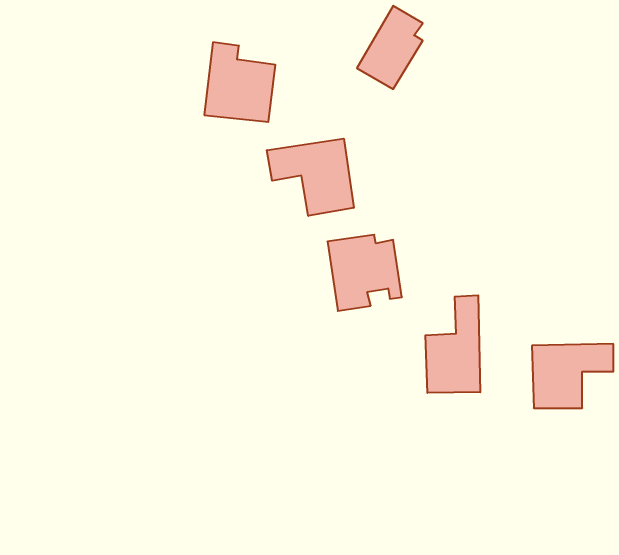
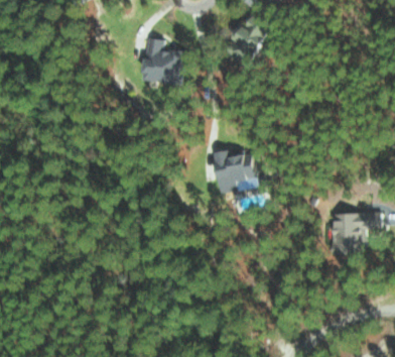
building: [267,139,354,216] -> none
building: [425,295,480,393] -> none

